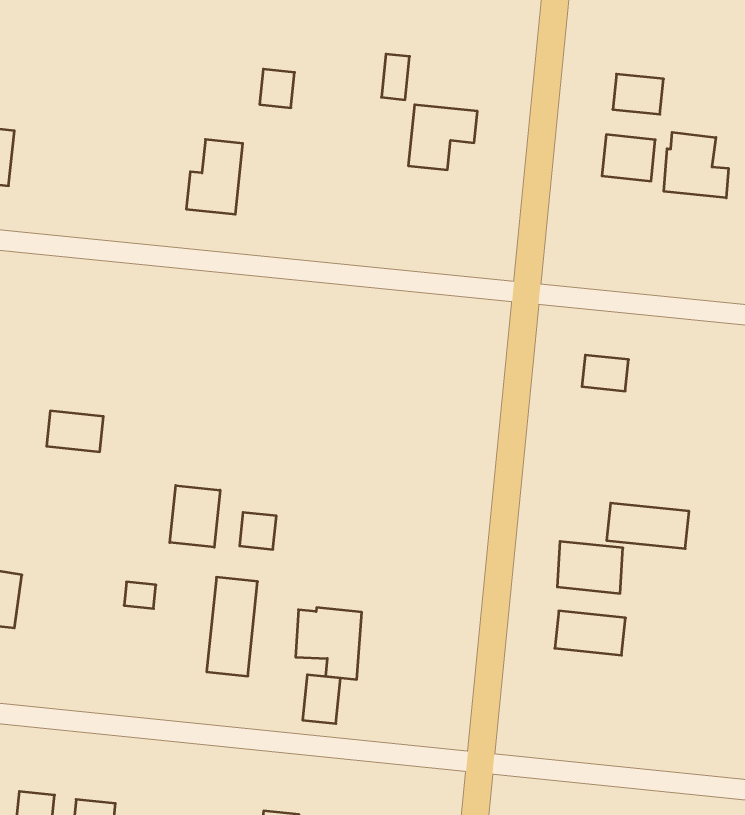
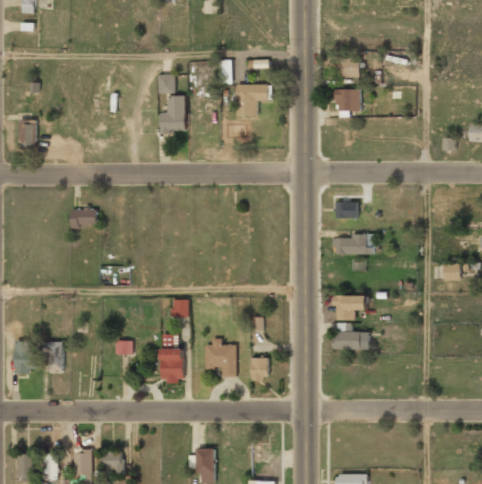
building: [664,132,728,198] -> none
building: [186,139,243,214] -> [160,96,185,132]
building: [47,411,103,452] -> [70,209,97,227]
building: [170,485,220,547] -> none
building: [607,503,689,549] -> [333,236,373,255]
building: [303,675,341,724] -> [251,357,268,380]

